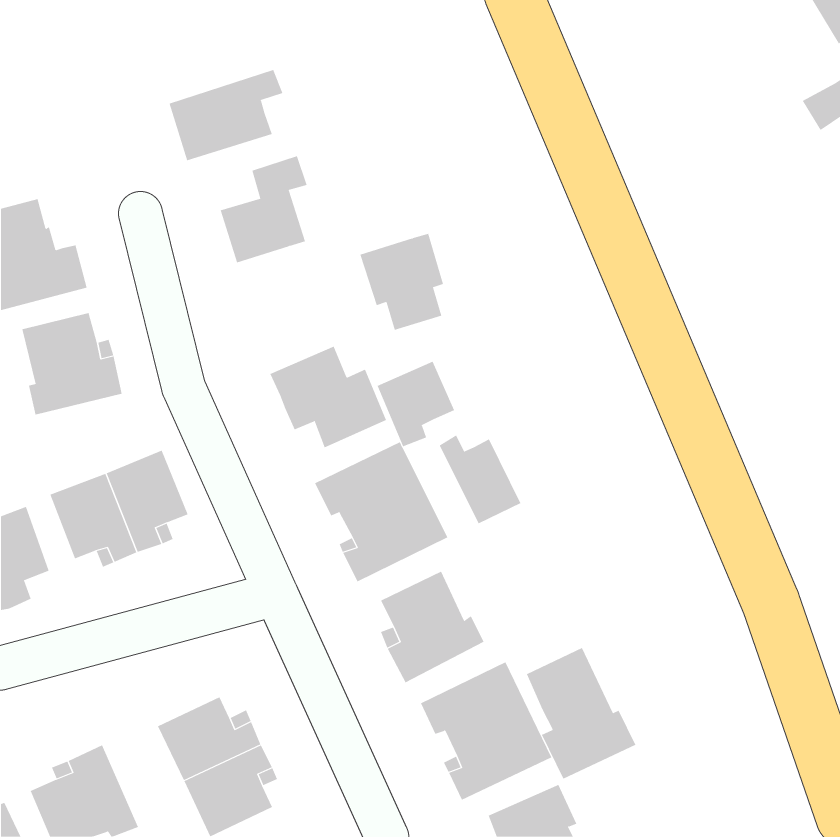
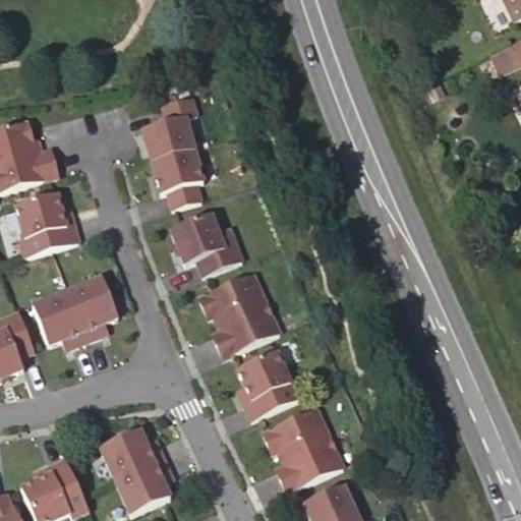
building: [169,69,283,161] -> none
building: [360,233,444,331] -> [149,149,200,209]
building: [377,361,455,447] -> none
building: [439,434,521,524] -> none
building: [526,647,636,779] -> none

